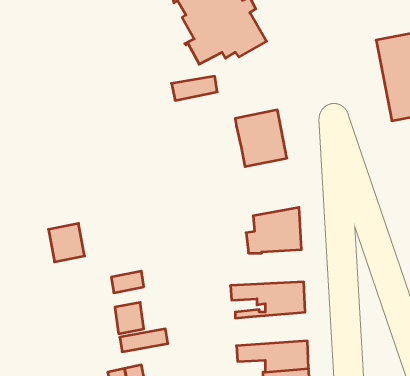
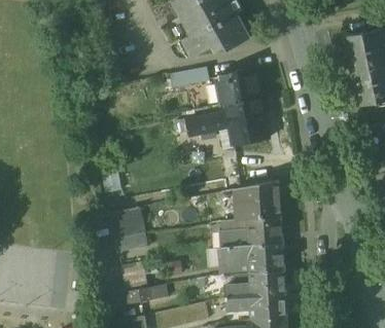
building: none -> [215,69,259,105]
building: none -> [184,111,229,139]
building: [48,223,85,262] -> [112,207,143,240]
building: none -> [218,216,282,247]
building: none -> [223,269,285,298]

